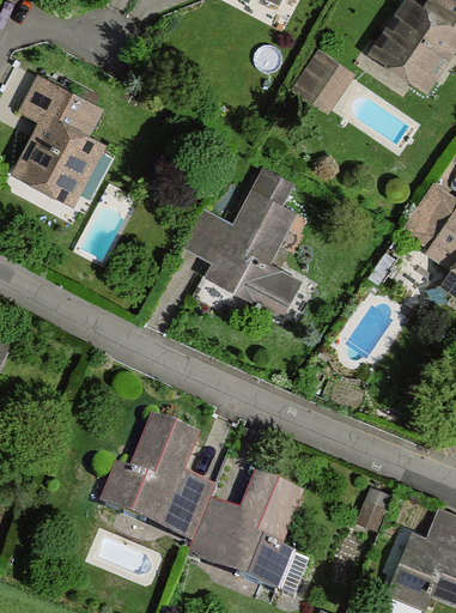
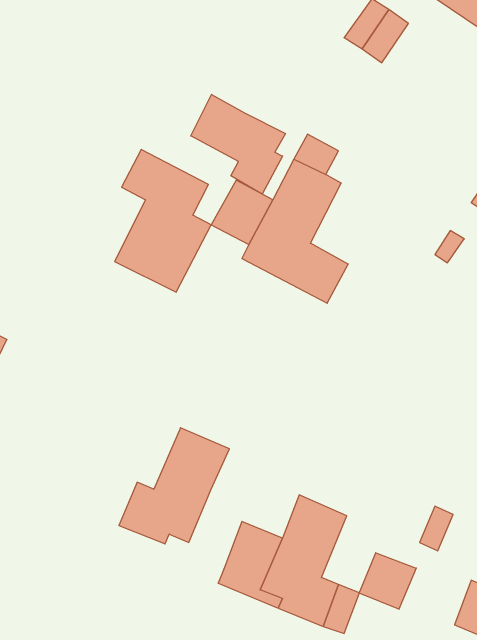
building: [18,78,101,200] -> [115,149,211,292]
building: none -> [191,94,285,194]
building: [142,473,214,541] -> none
building: none -> [359,553,416,609]

